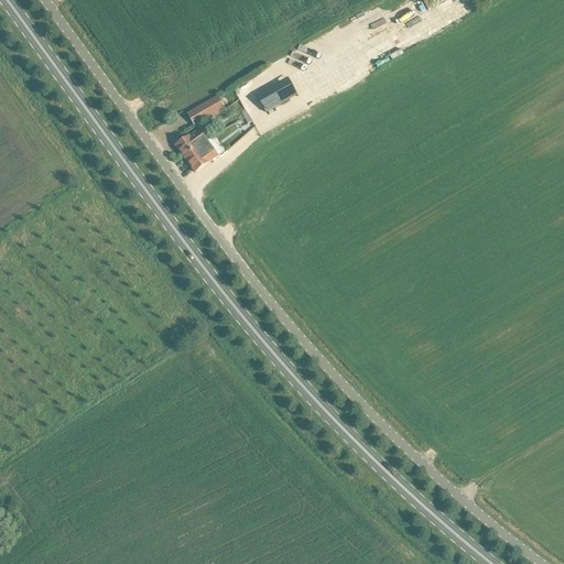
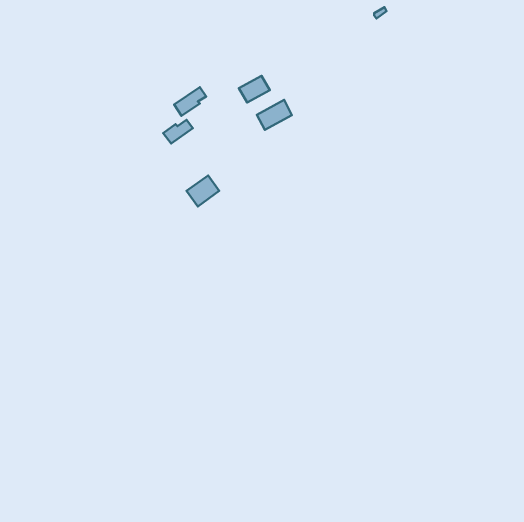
building: none -> [257,100,292,130]
building: [184,138,219,171] -> [186,176,219,206]

